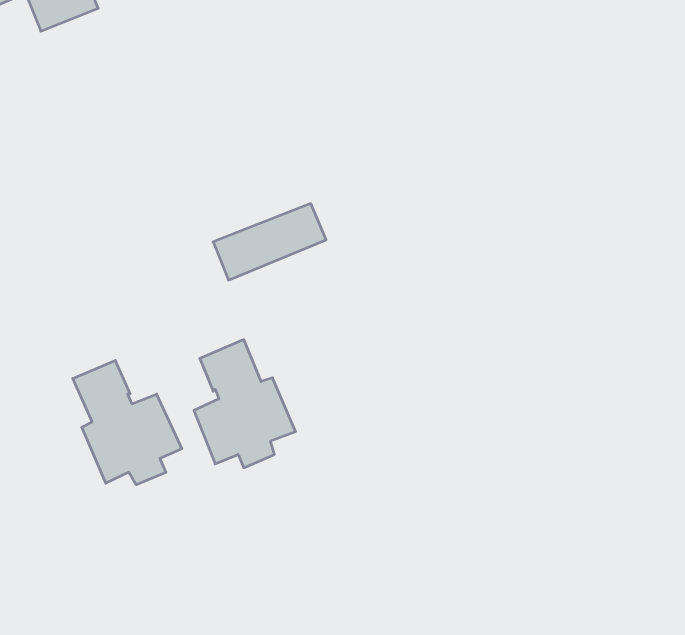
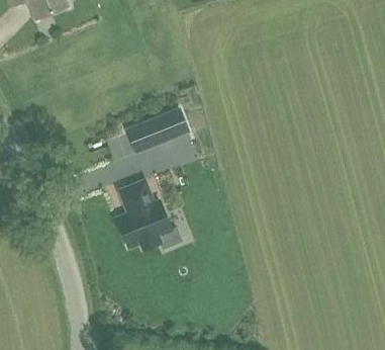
building: [73,360,182,485] -> none

